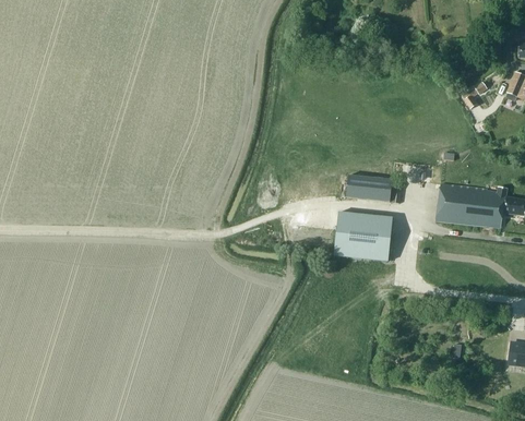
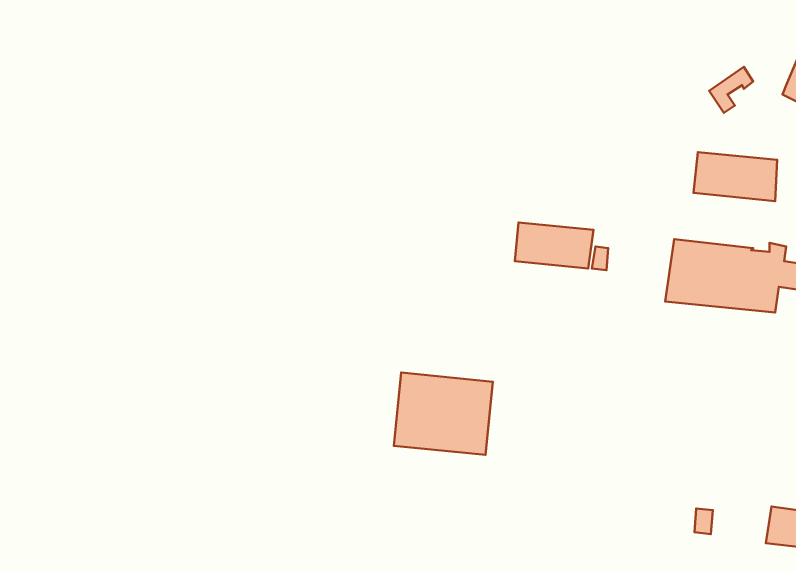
building: none -> [694,152,777,201]
building: [334,212,393,261] -> [394,373,493,455]

